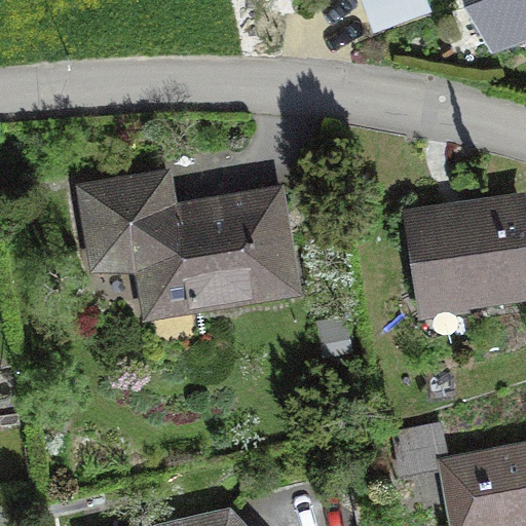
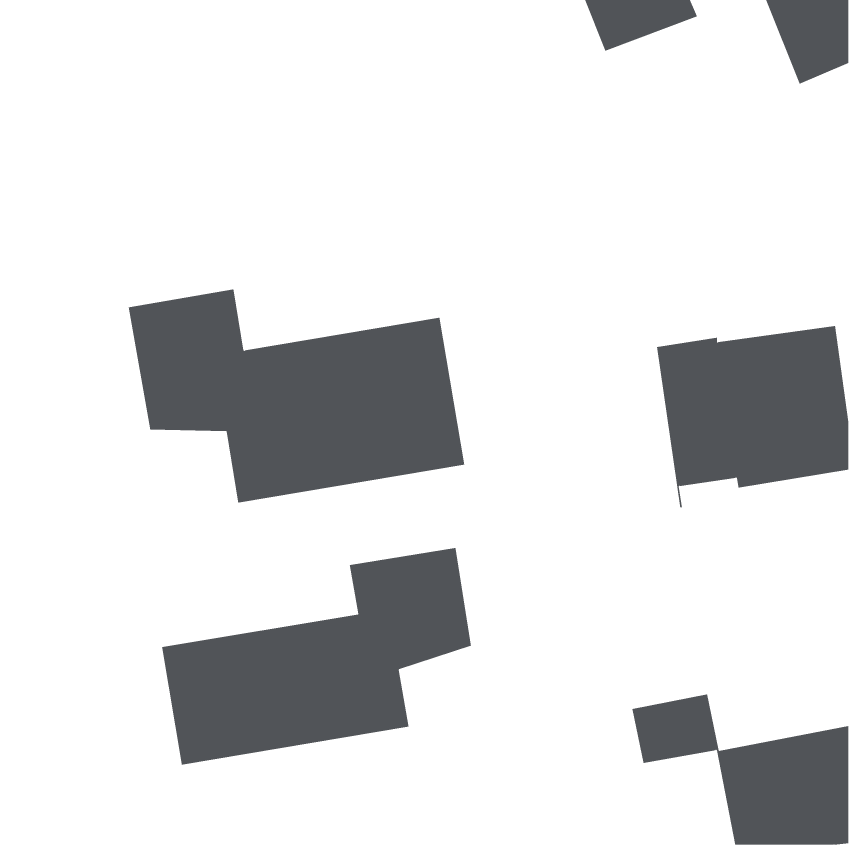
building: none -> [162,547,471,765]

